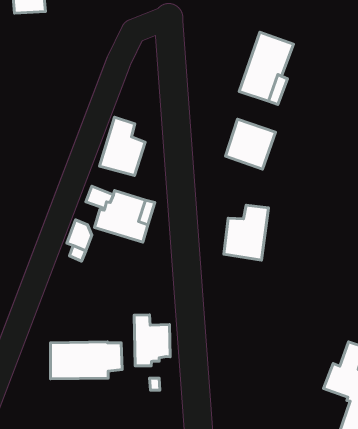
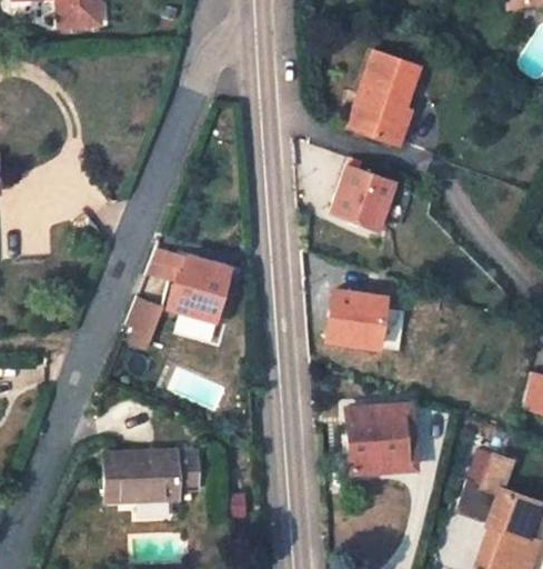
building: [100,117,145,176] -> none
building: none -> [346,403,414,471]
building: [134,315,170,366] -> none

